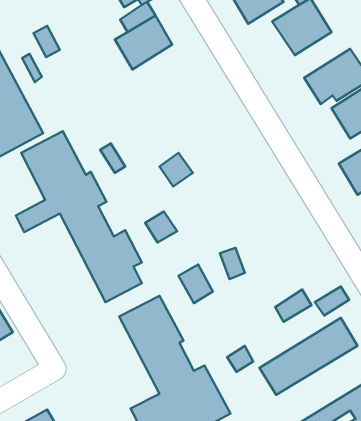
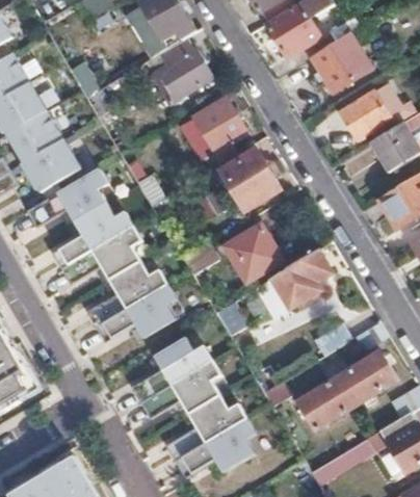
building: none -> [192,102,241,153]
building: none -> [220,154,277,213]
building: none -> [218,228,274,284]
building: none -> [273,252,329,315]
building: none -> [87,295,133,341]

